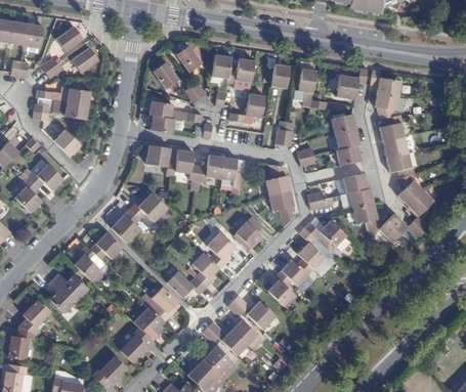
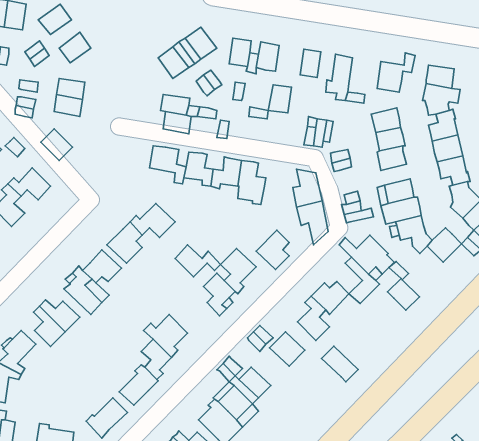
building: [297,227,324,268] -> [388,261,419,310]
building: [166,270,204,297] -> [175,245,221,277]
building: [230,319,261,349] -> [321,346,358,382]

